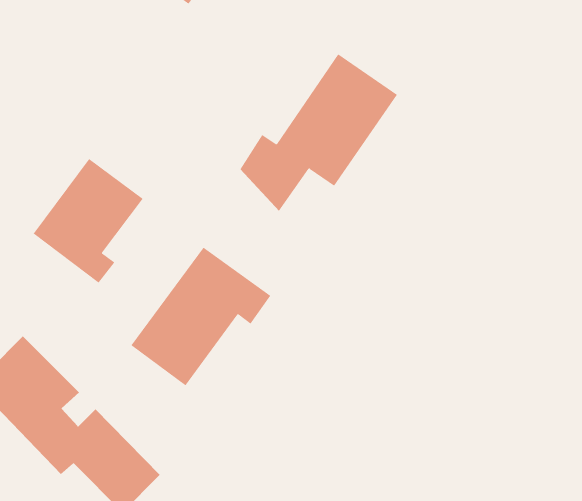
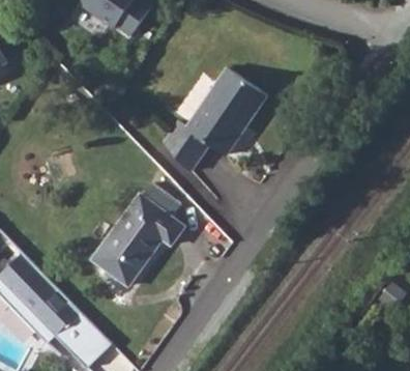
building: [33,158,144,284] -> none

